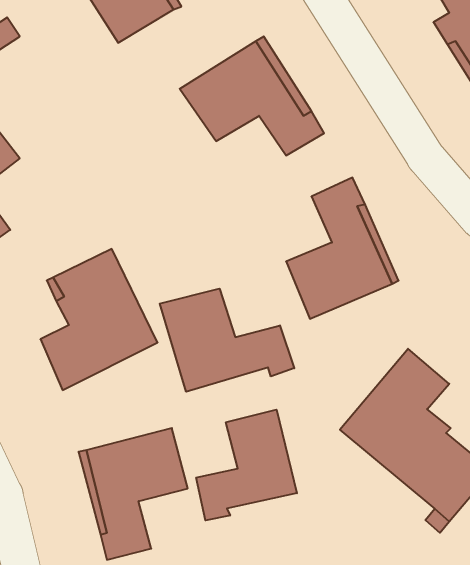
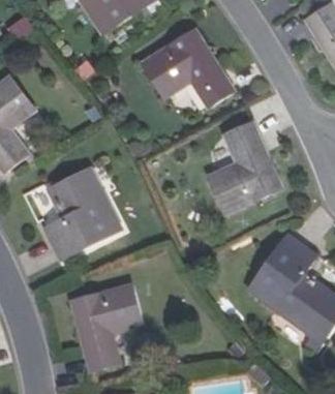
building: [160,289,294,392] -> none
building: [196,410,297,520] -> none

